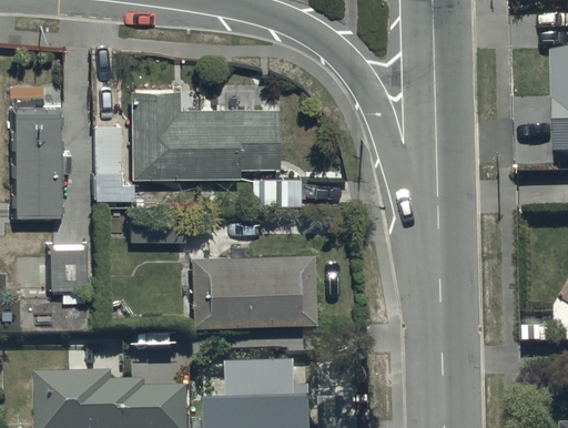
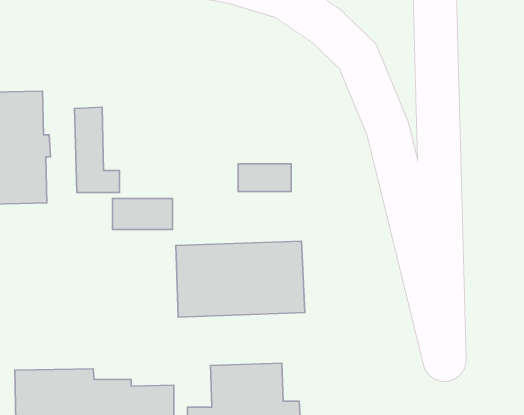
building: [129,90,280,180] -> none
building: [50,248,89,305] -> none

